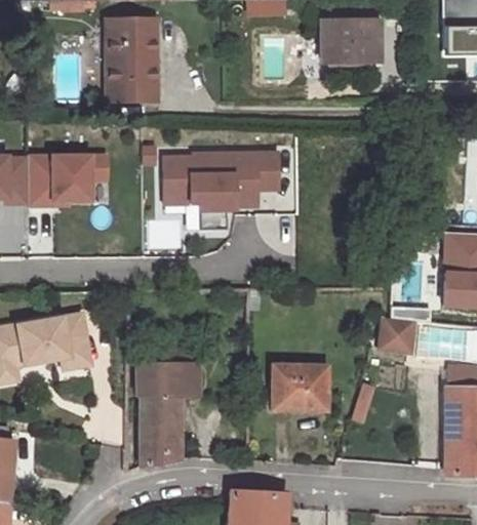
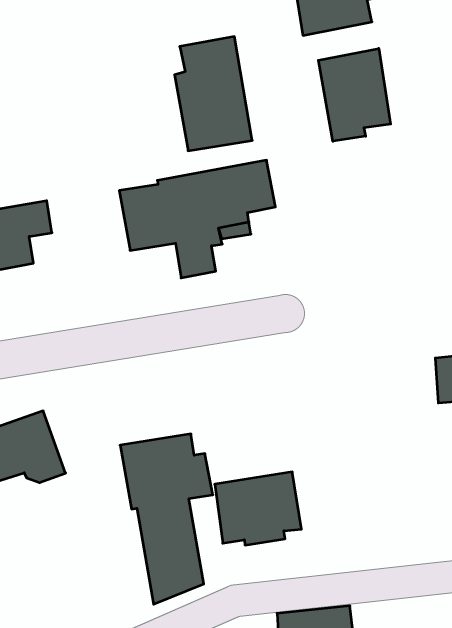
building: [107,21,157,100] -> [175,37,252,151]
building: none -> [318,48,391,141]
building: [270,363,330,412] -> [215,472,301,545]

